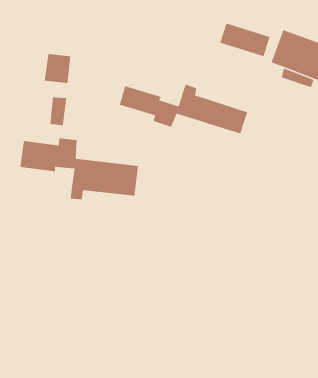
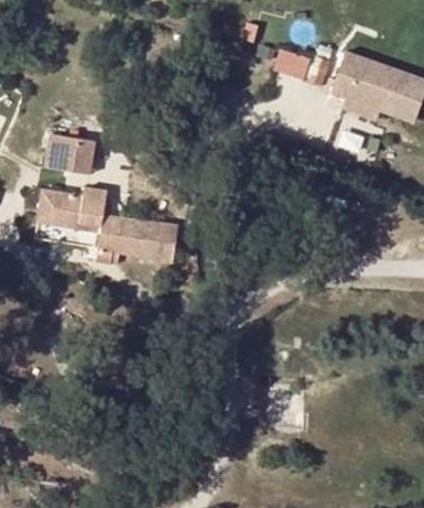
building: [44,53,71,84] -> [43,132,75,169]
building: [119,83,248,135] -> none

